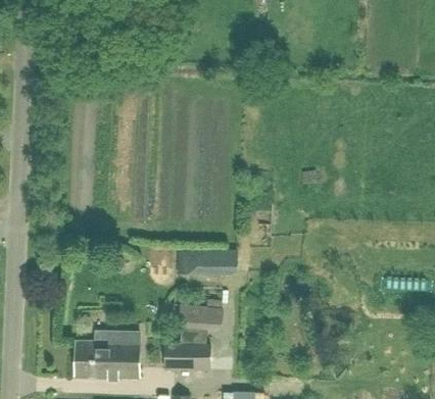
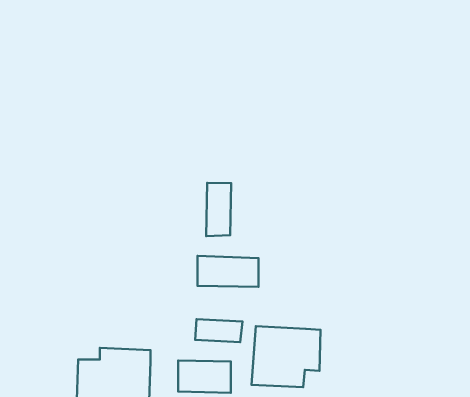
building: none -> [206,183,231,236]
building: none -> [252,326,321,387]

